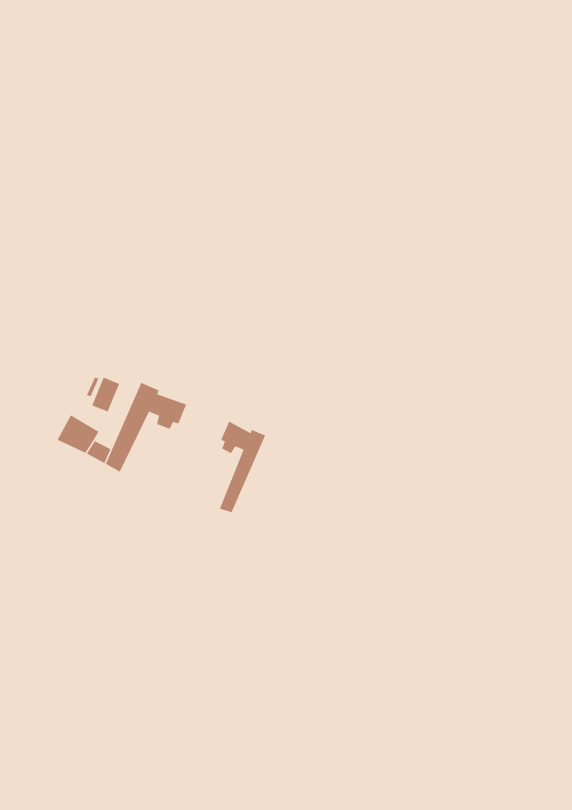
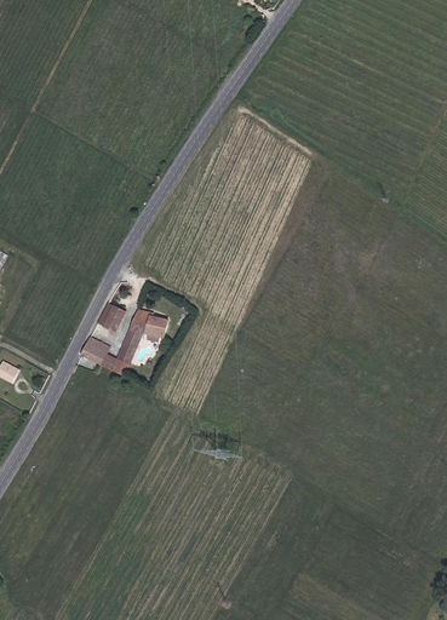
building: [219,421,266,513] -> none

